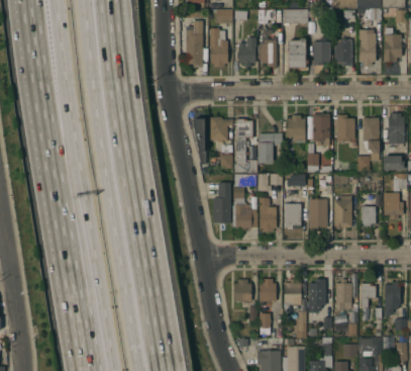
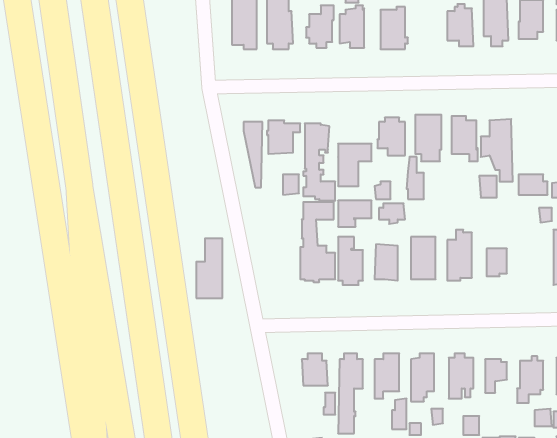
building: [313,41,329,65] -> none
building: [388,112,405,143] -> none
building: [212,182,230,223] -> [196,238,222,298]
building: [384,192,404,218] -> none

